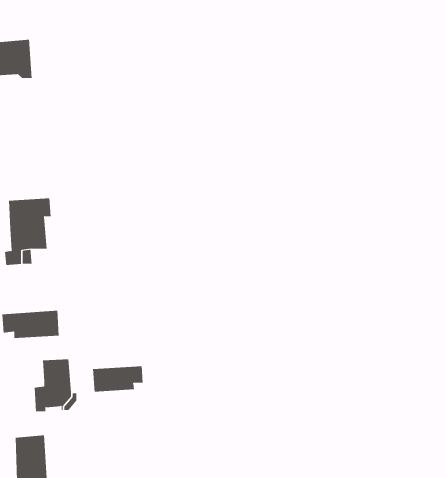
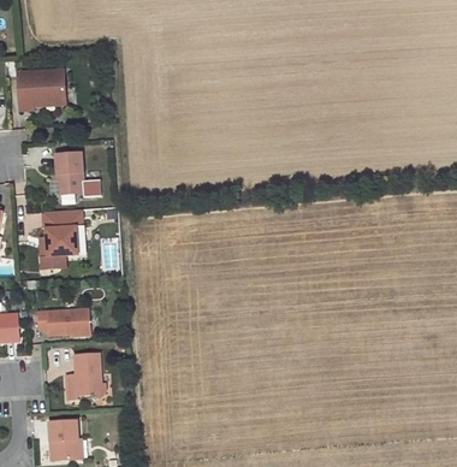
building: none -> [54,152,83,194]
building: [93,366,143,393] -> none

